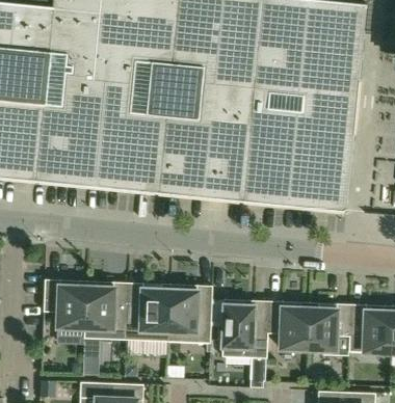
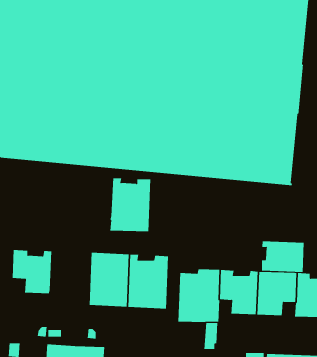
building: none -> [261,241,304,273]
building: [84,281,129,340] -> [110,178,151,232]

